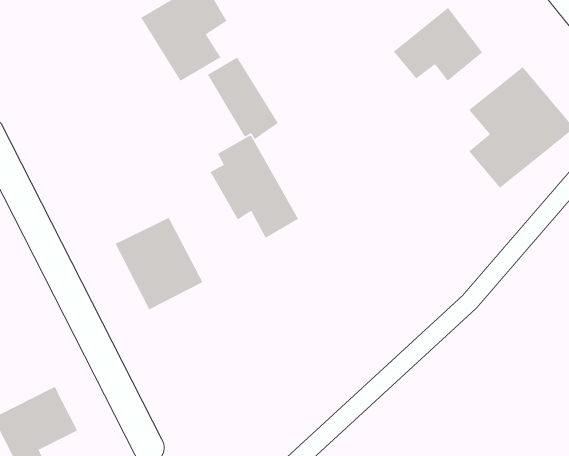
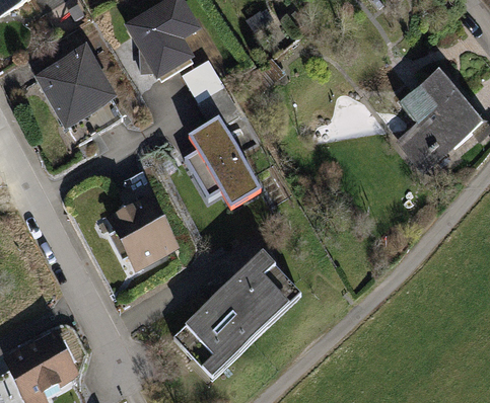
building: [393,7,483,82] -> none
building: none -> [32,45,118,138]
building: none -> [178,246,303,369]

